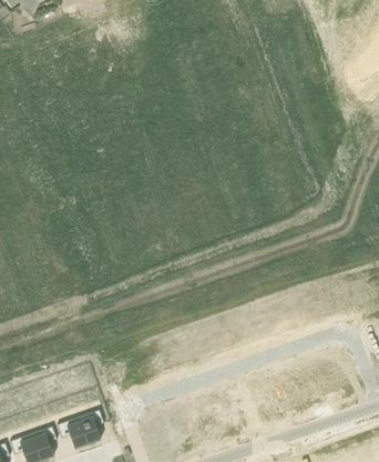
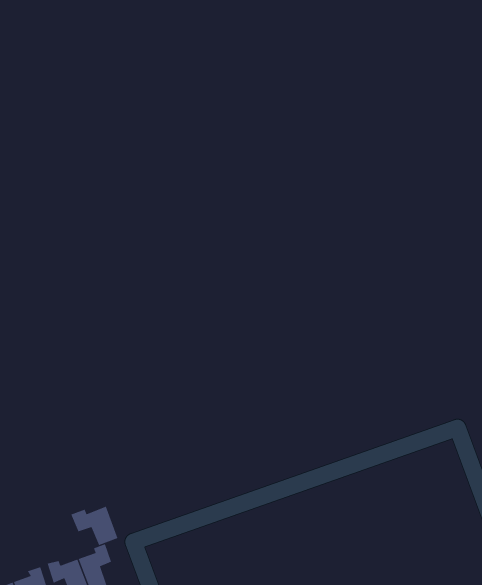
building: none -> [71,506,118,546]

